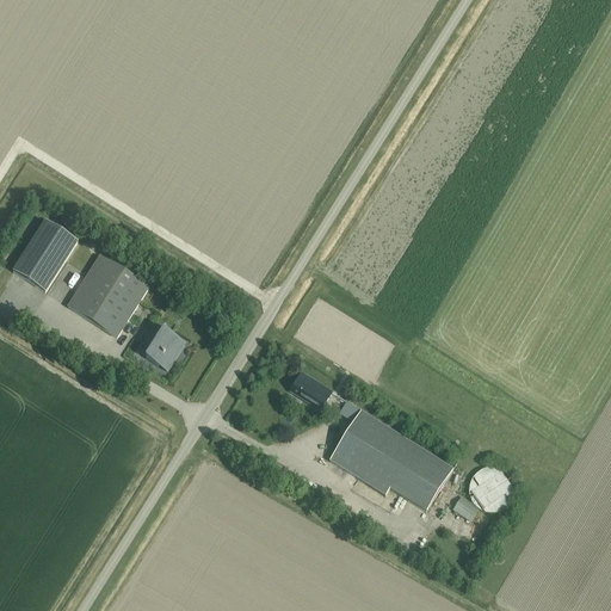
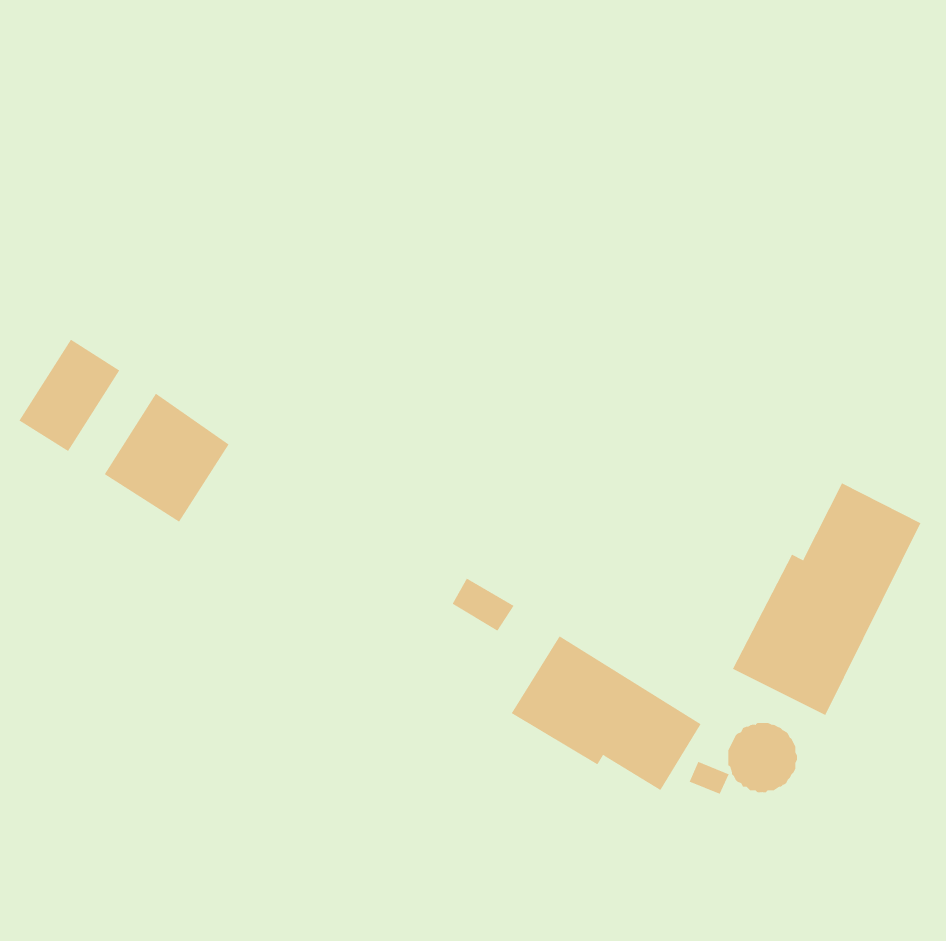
building: none -> [732,483,921,716]
building: [141,323,185,370] -> none

